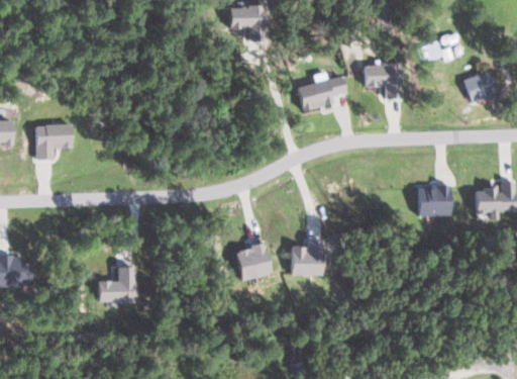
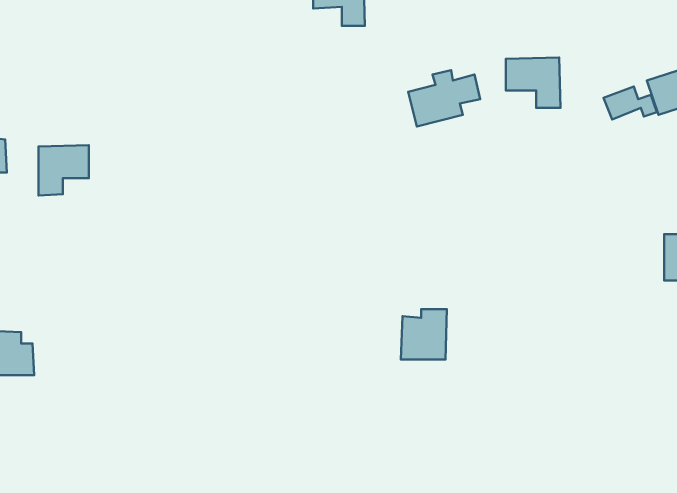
building: [418,40,455,64] -> [604,86,657,119]
building: [418,185,451,216] -> none
building: [235,242,272,280] -> none
building: [98,266,135,302] -> none

